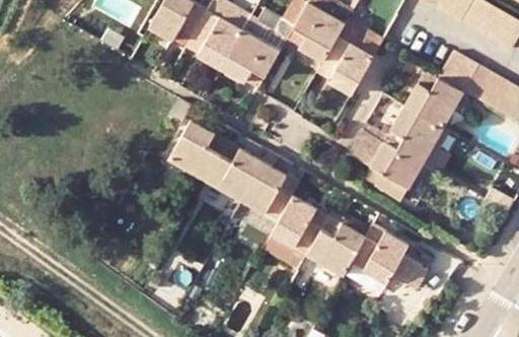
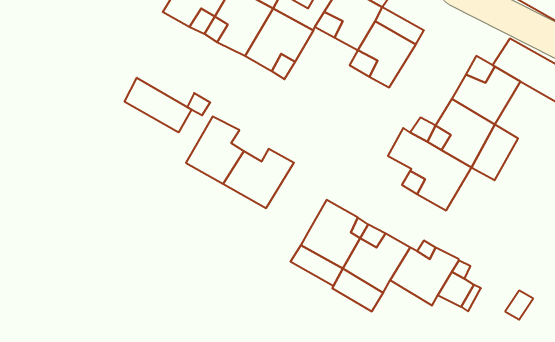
building: none -> [125,78,191,132]
building: [239,161,299,222] -> none

